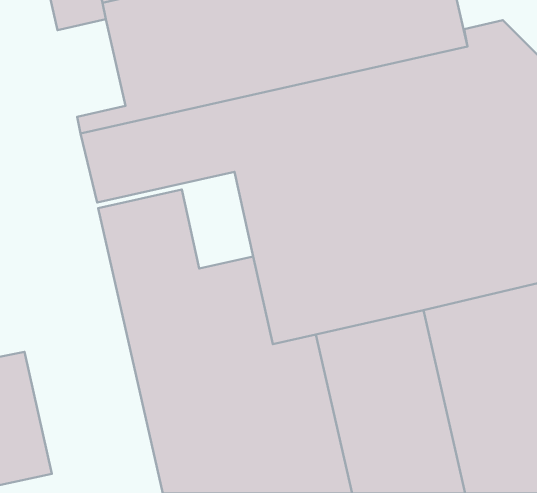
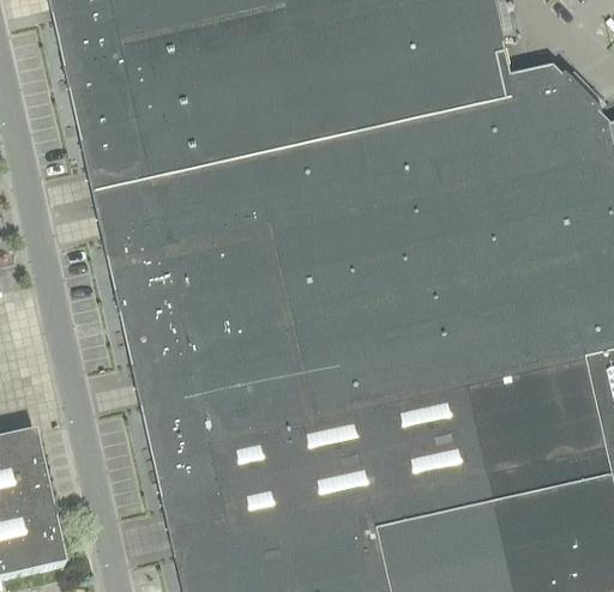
building: none -> [68,73,143,180]
building: none -> [112,240,282,345]

